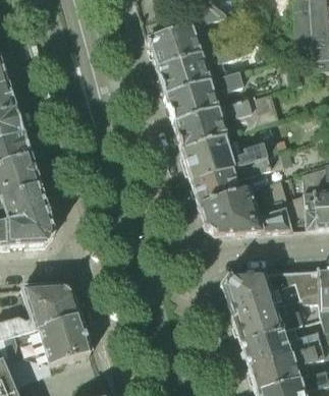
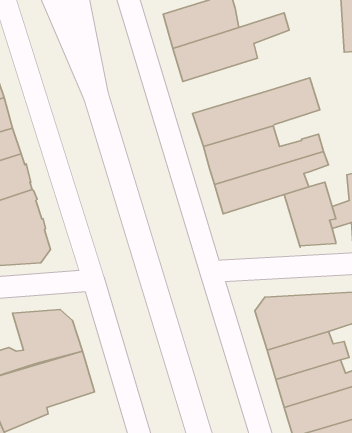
building: [163,70,243,120] -> none
building: [197,187,261,234] -> none

